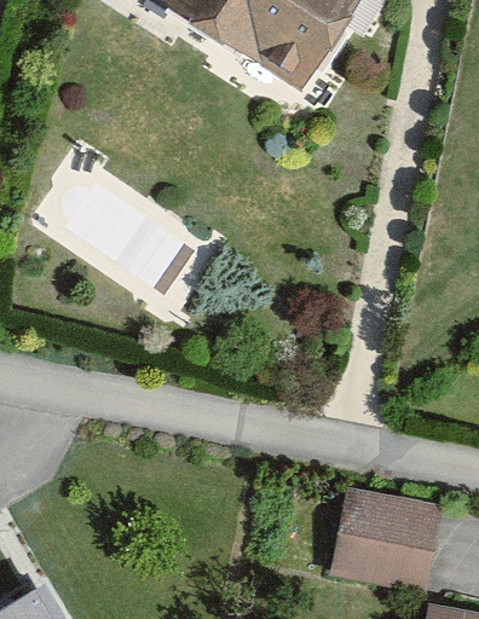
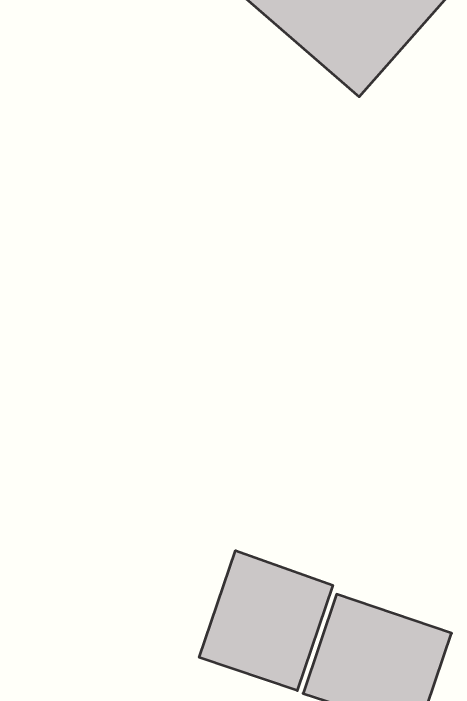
building: none -> [199,551,333,691]

